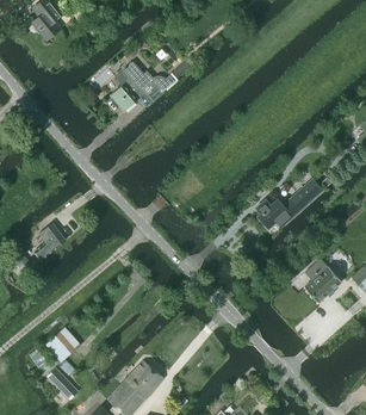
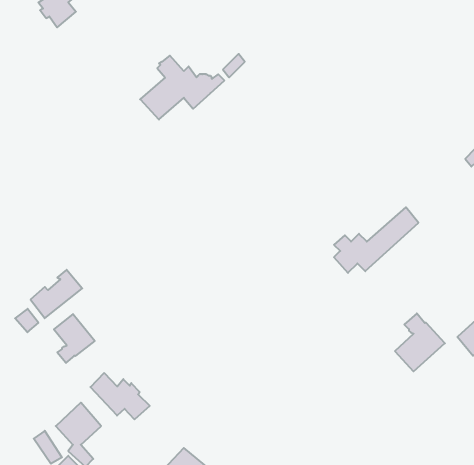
building: none -> [54,314,95,363]
building: none -> [90,373,150,419]

